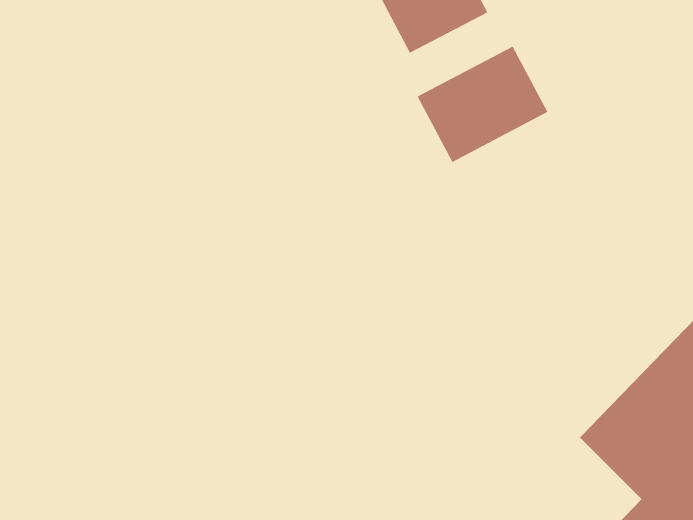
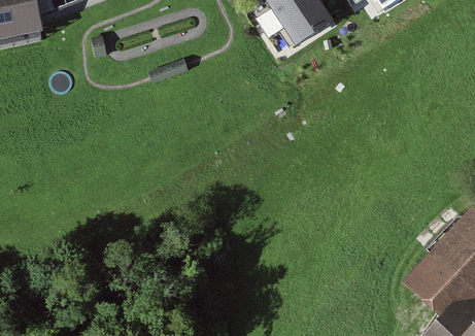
building: [417,46,548,163] -> none

